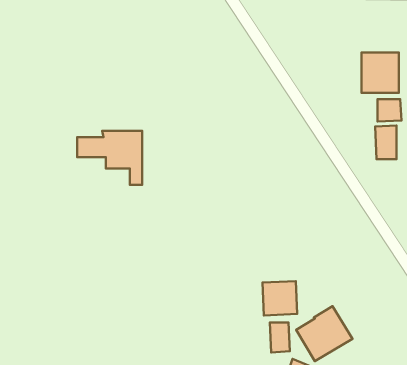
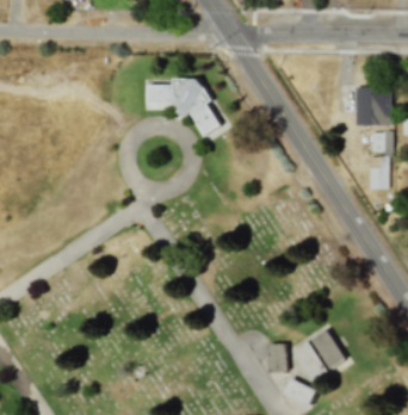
building: [77,131,142,185] -> [149,79,211,130]
building: [263,281,297,315] -> none

